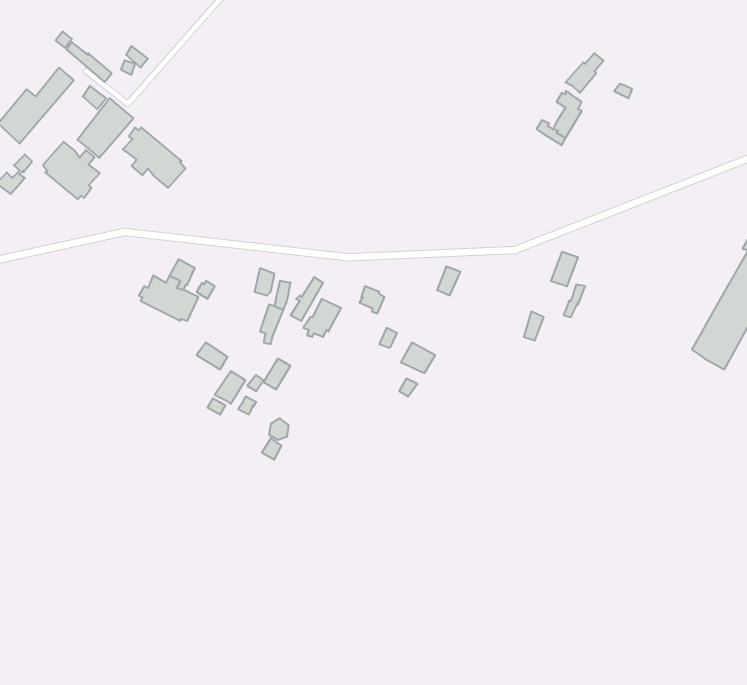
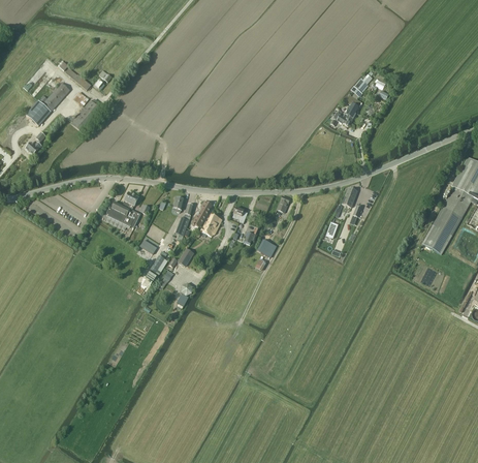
building: [123,127,185,188] -> none
building: [43,142,100,199] -> none

